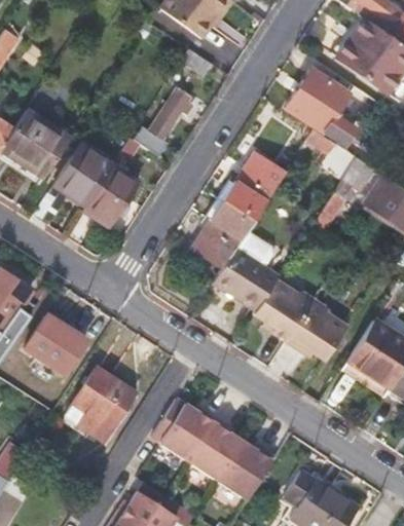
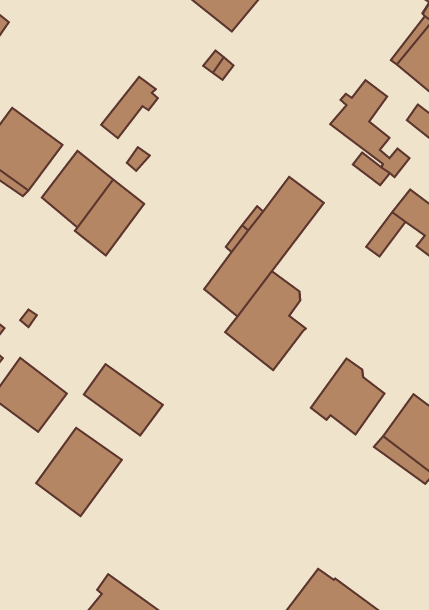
building: [149,86,194,138] -> [101,77,158,138]
building: [253,277,313,340] -> none
building: none -> [84,364,163,436]
building: [151,399,277,499] -> none

